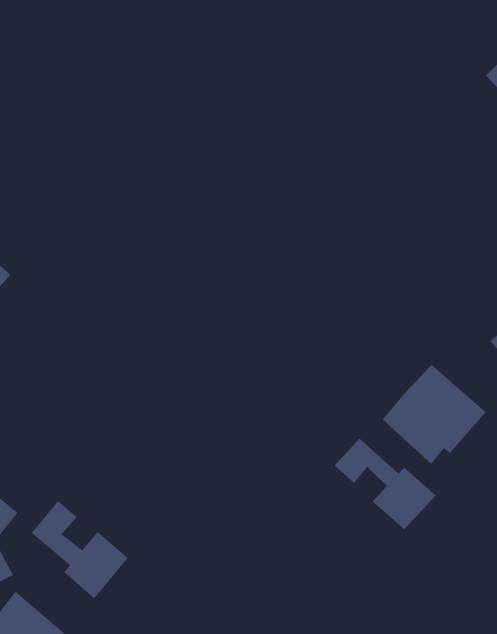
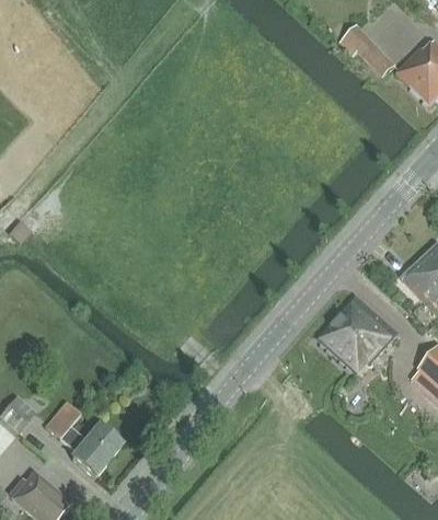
building: none -> [338,24,394,76]
building: [334,438,436,530] -> none

